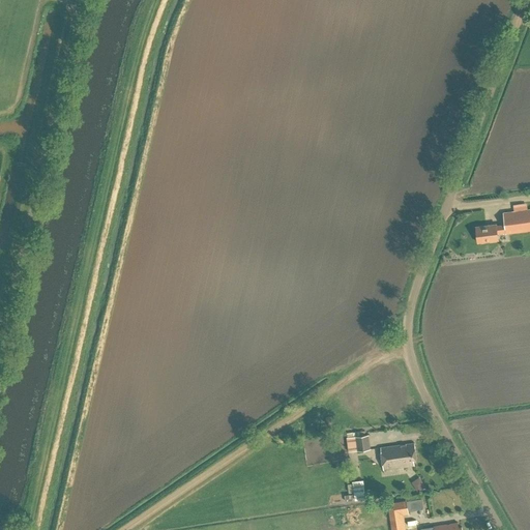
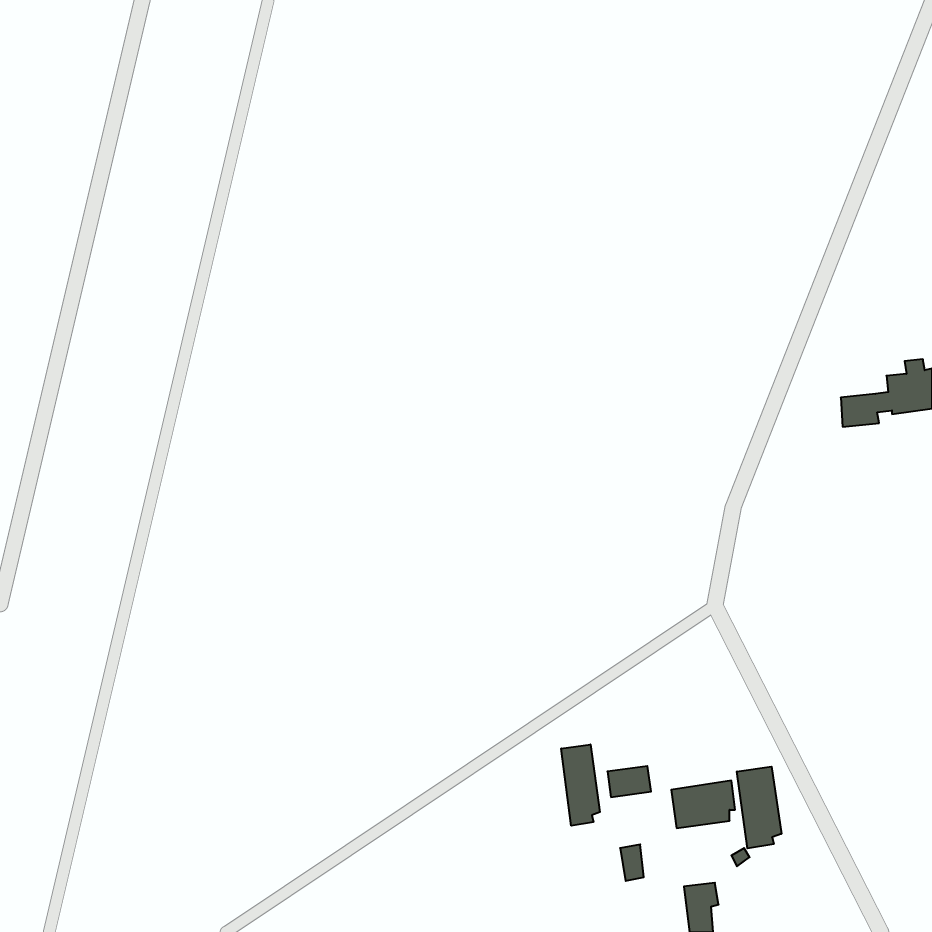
building: none -> [561,744,600,826]
building: none -> [737,767,781,848]

